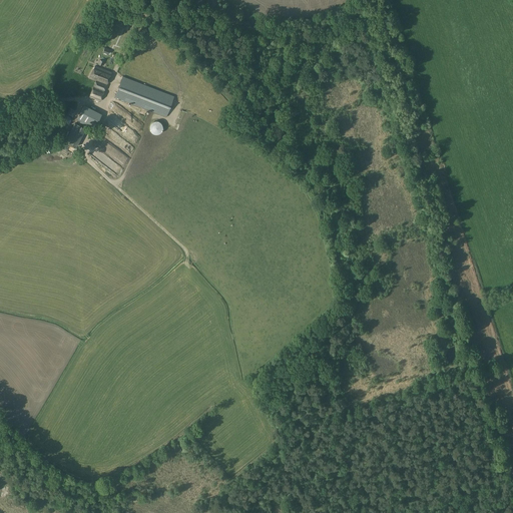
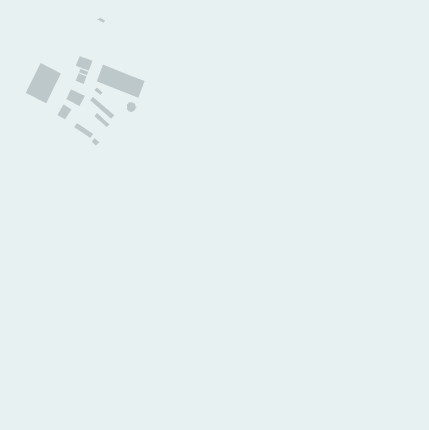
building: none -> [25,62,62,104]

